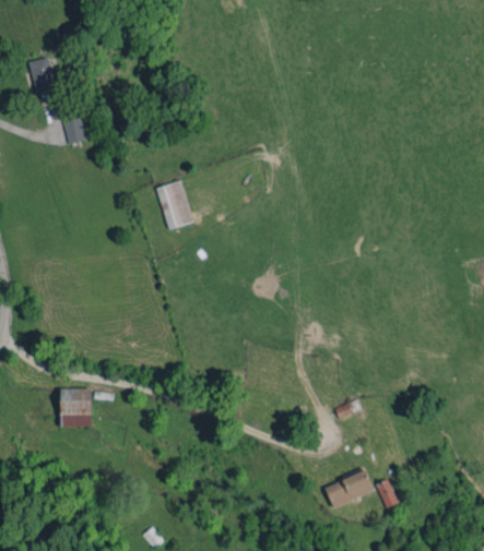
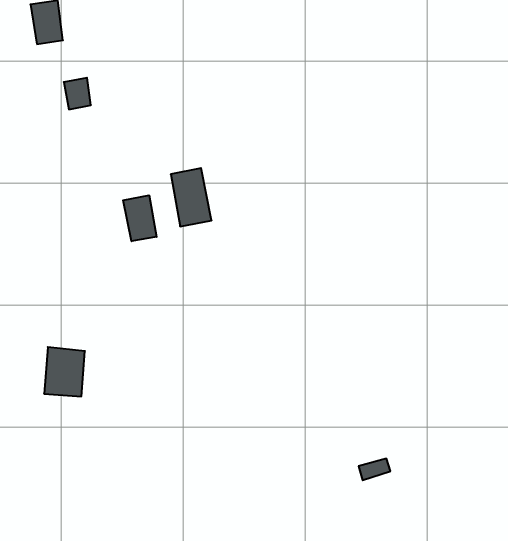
building: none -> [123,195,157,241]
building: [60,388,92,427] -> [44,347,85,396]

